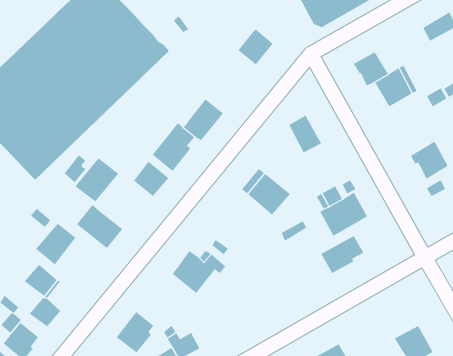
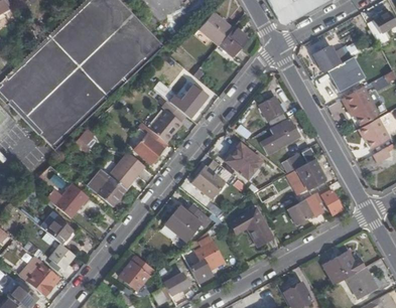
building: none -> [199,13,232,45]
building: none -> [343,88,375,125]
building: none -> [261,118,299,155]
building: [75,158,119,202] -> [109,153,145,189]
building: none -> [192,161,232,199]
building: none -> [313,185,342,214]
building: none -> [230,208,273,246]
building: none -> [189,233,224,283]
building: none -> [323,252,365,285]

